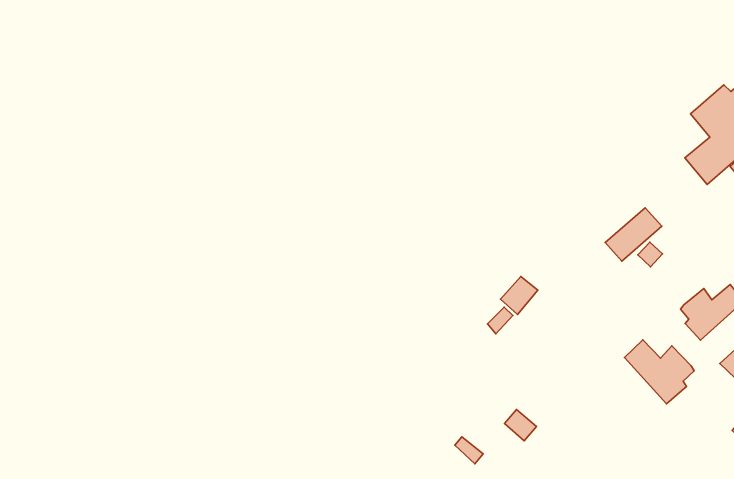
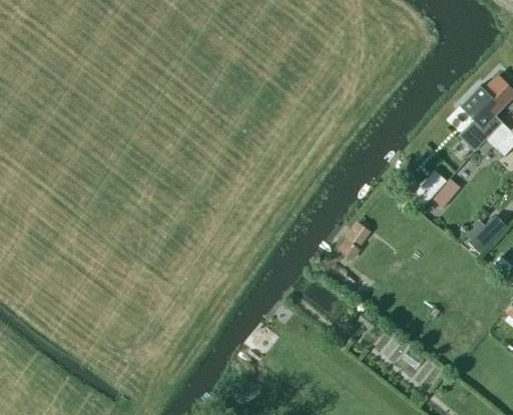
building: [625,340,694,404] -> none

